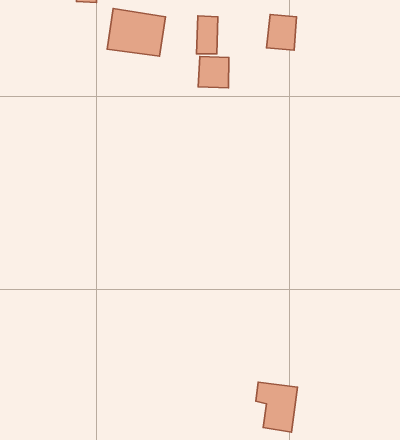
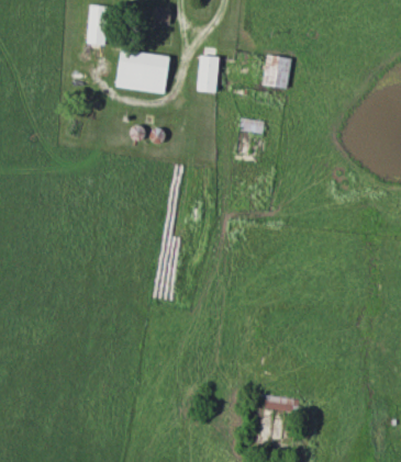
building: [198,57,229,88] -> none

